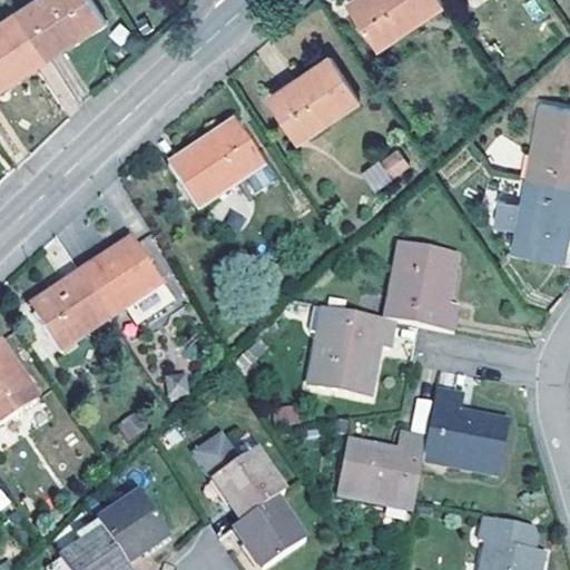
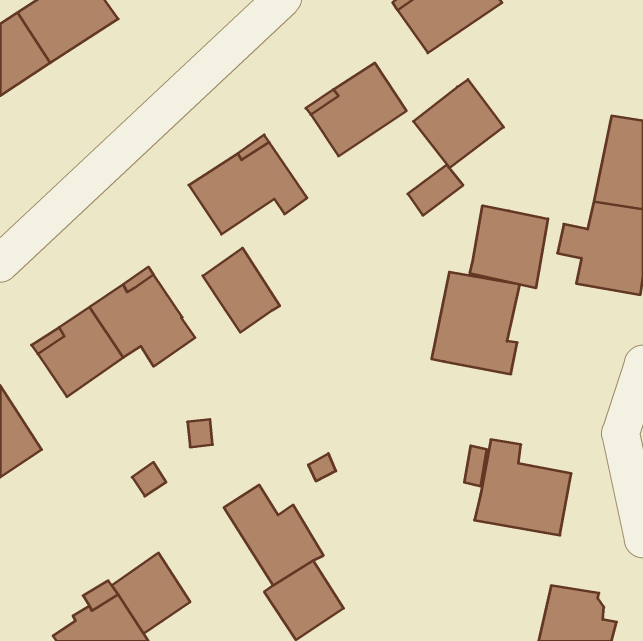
building: none -> [413,79,504,168]
building: none -> [470,206,548,288]
building: none -> [203,248,280,332]
building: [307,306,393,393] -> none
building: [336,431,425,510] -> none

